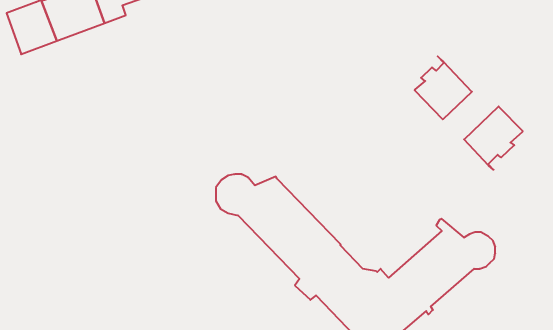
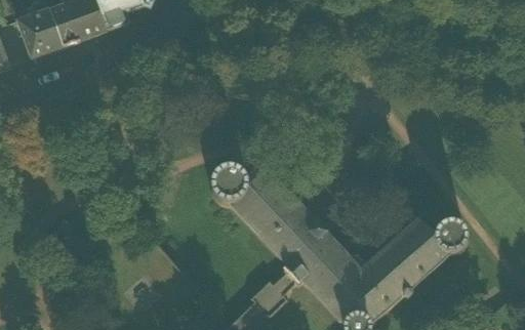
building: [415,56,472,119] -> none
building: [464,106,523,170] -> none

